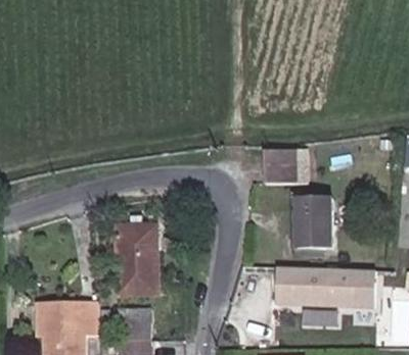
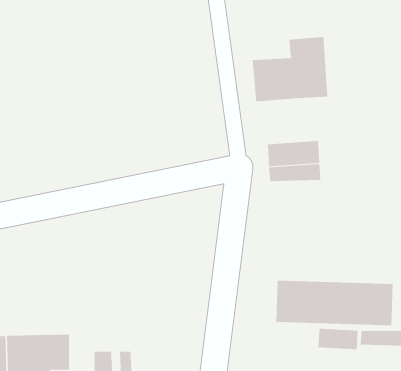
building: none -> [252,36,328,102]
building: [300,196,336,245] -> none
building: [117,216,155,296] -> none

